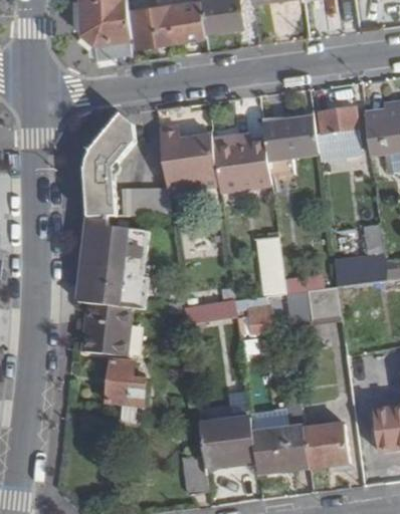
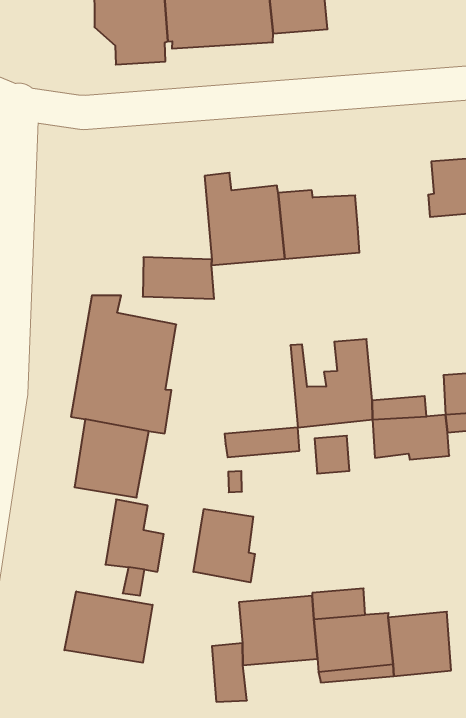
building: [83,113,133,217] -> none
building: [262,117,317,161] -> none
building: none -> [193,509,255,582]
building: none -> [64,591,153,663]

